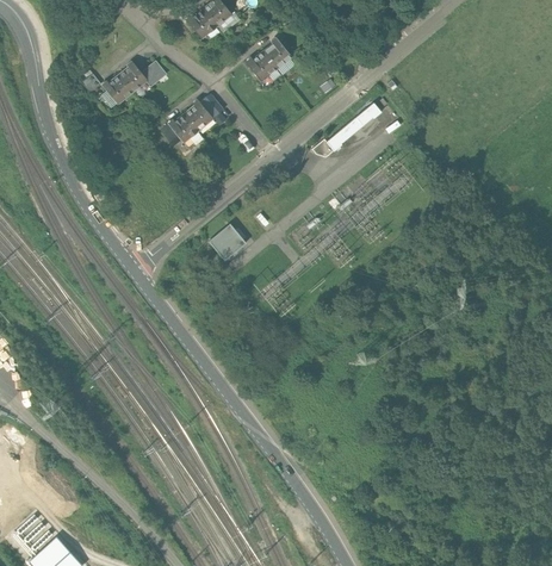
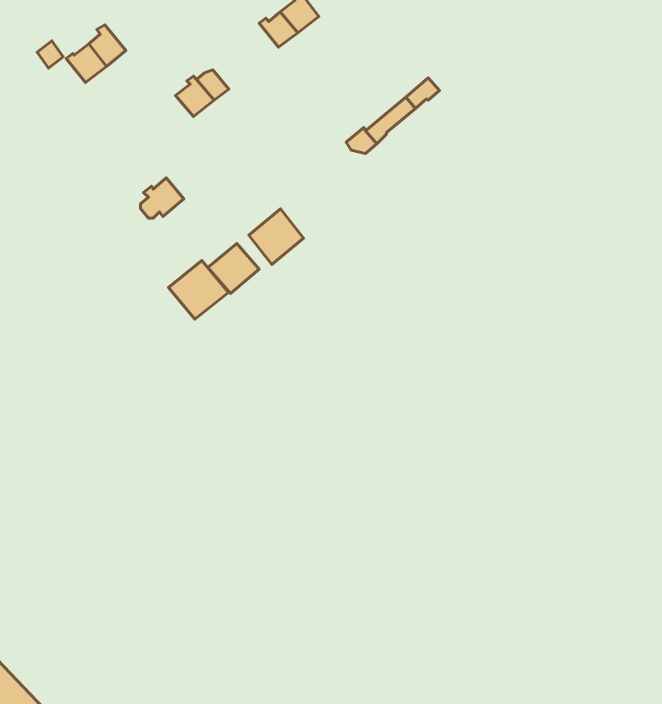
building: [165,114,197,144] -> [140,178,184,218]
building: none -> [249,209,304,264]
building: none -> [168,261,228,319]

